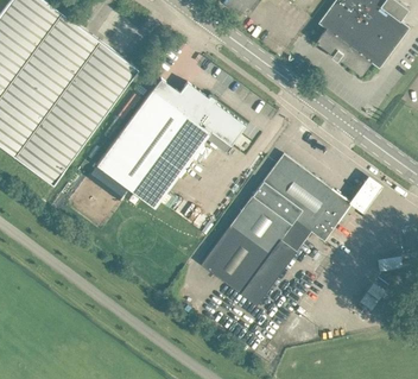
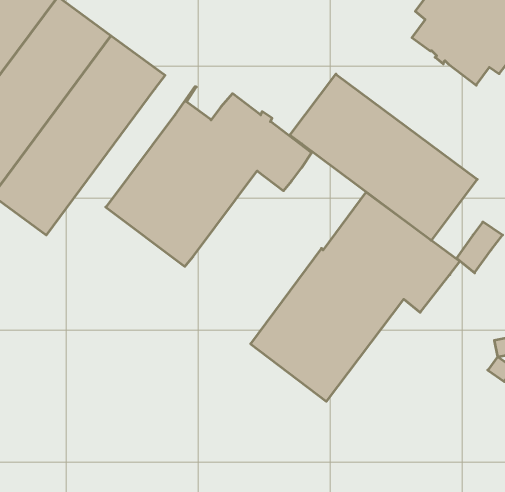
building: none -> [290,74,477,240]

